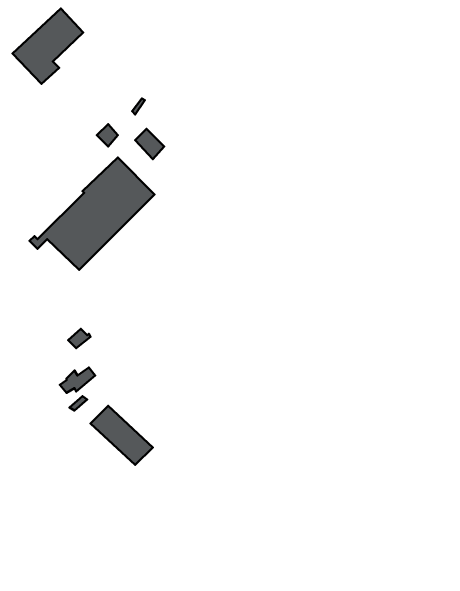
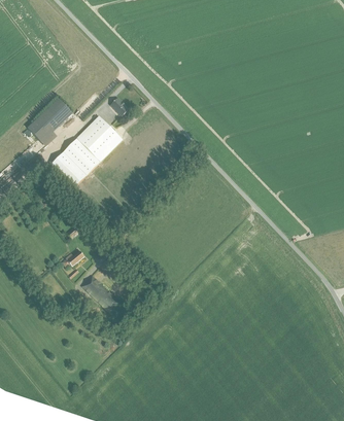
building: [13,9,83,84] -> [27,98,72,146]

